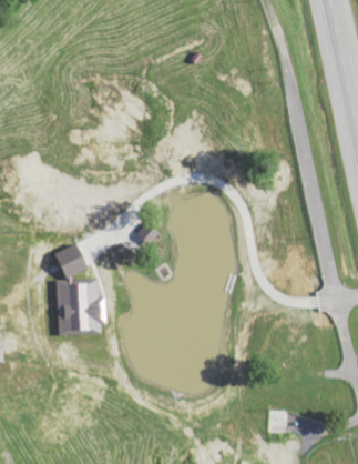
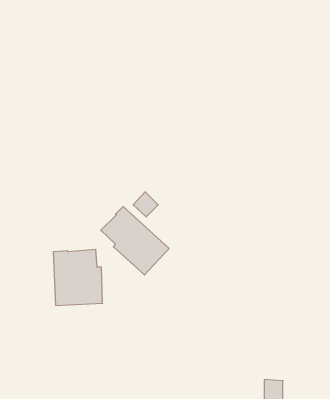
building: none -> [101,207,169,275]
building: [54,241,90,276] -> none

